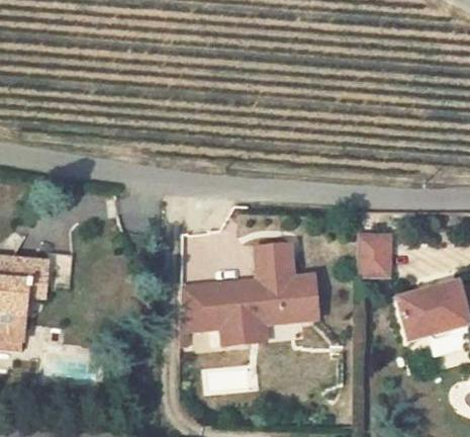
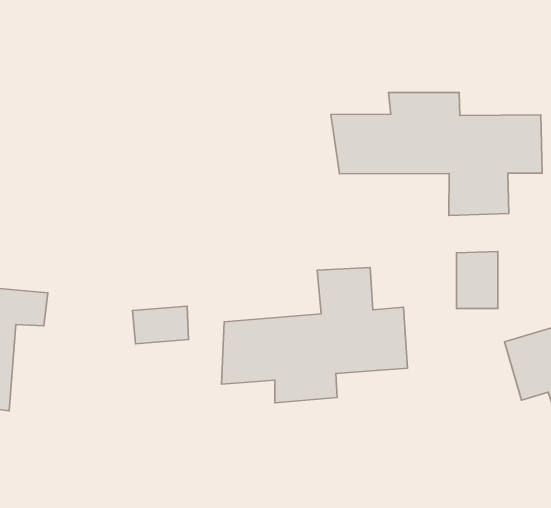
building: none -> [331,93,542,215]
building: none -> [133,306,189,344]

